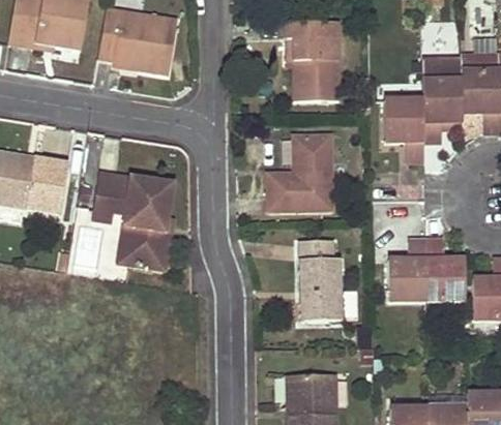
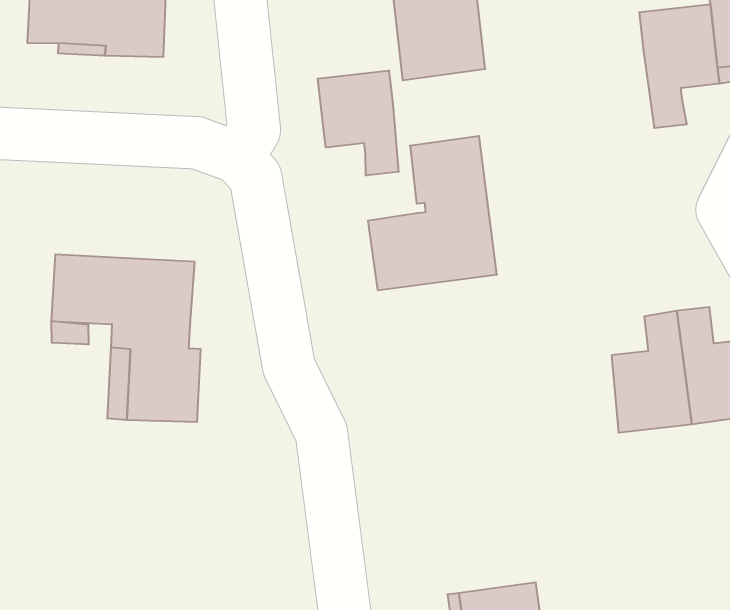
building: none -> [318,70,399,176]
building: [385,99,424,160] -> none
building: [298,240,342,321] -> none

